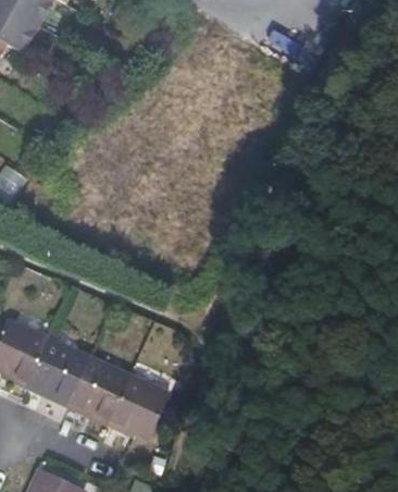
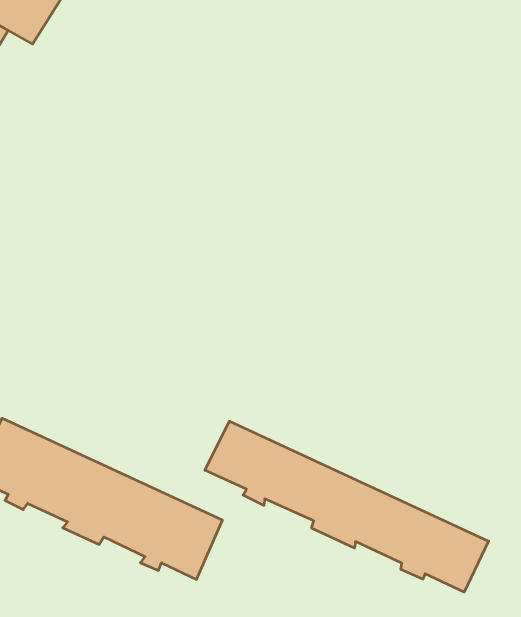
building: none -> [205,421,489,592]

